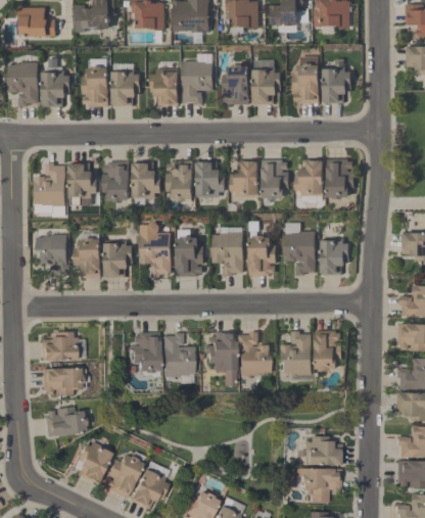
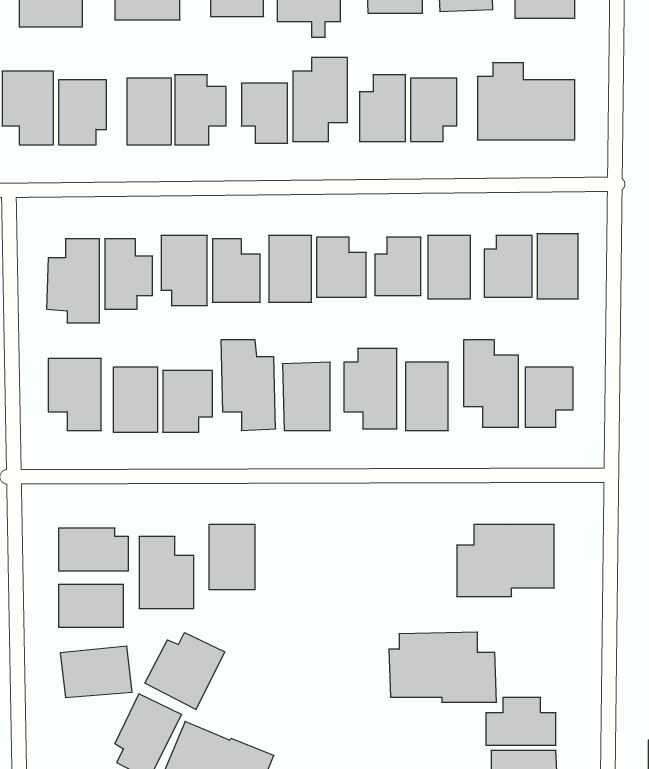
building: [161,333,194,376] -> [139,537,194,608]
building: [205,334,270,376] -> [389,632,496,702]
building: none -> [145,633,225,710]

